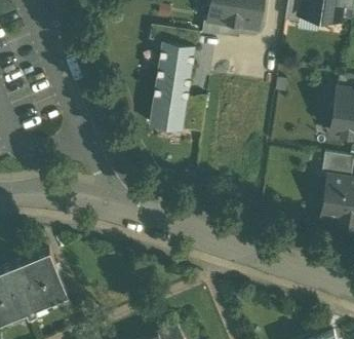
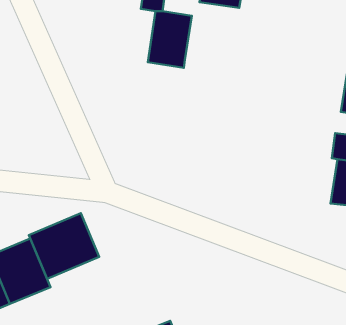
building: [148,88,187,130] -> none
building: none -> [29,213,99,279]

